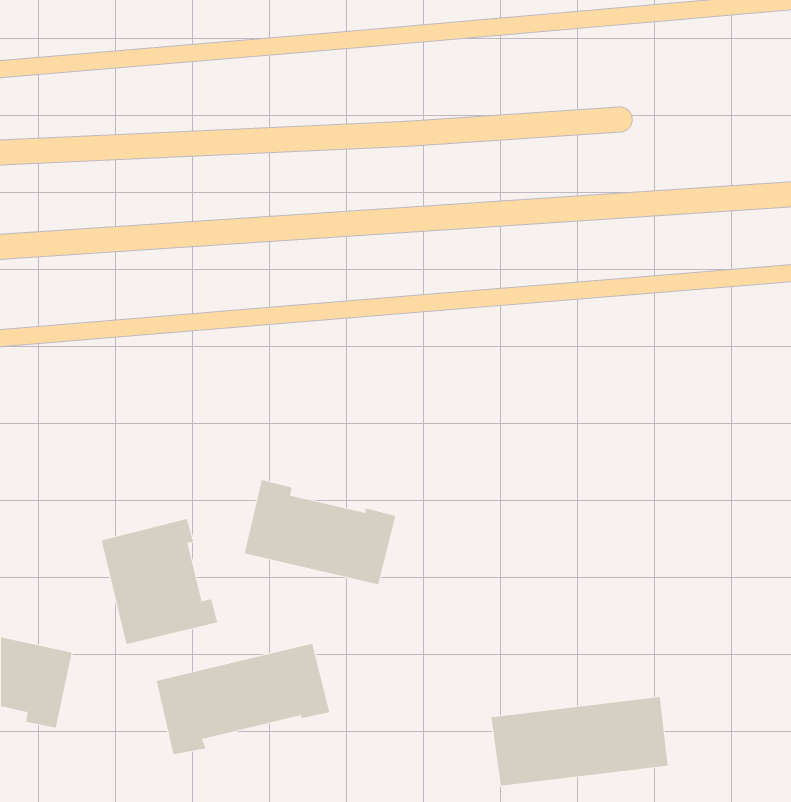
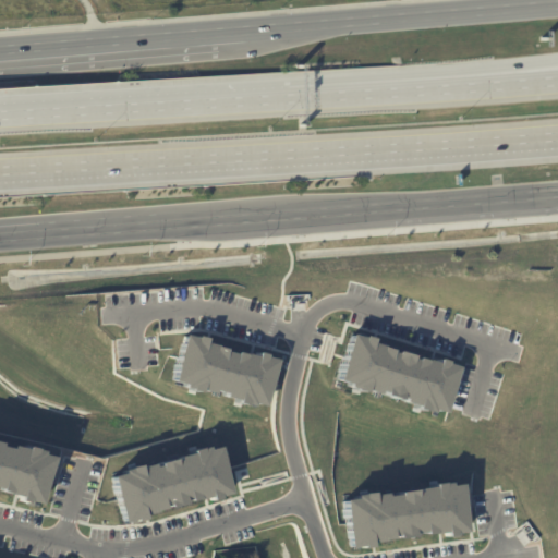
building: none -> [342,332,463,412]
building: [101,518,218,645] -> none

